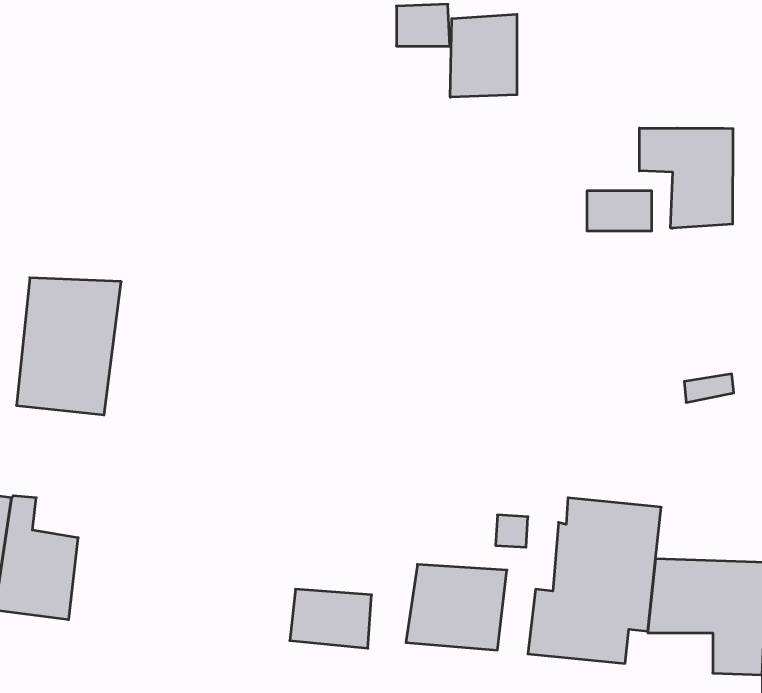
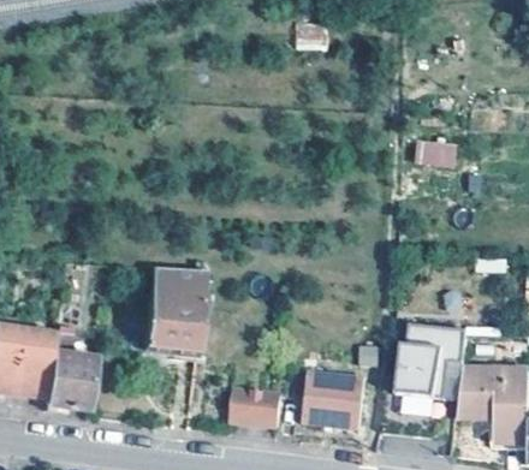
building: [450,14,517,97] -> none
building: [639,128,733,228] -> none
building: [16,278,121,415] -> [141,266,207,352]

